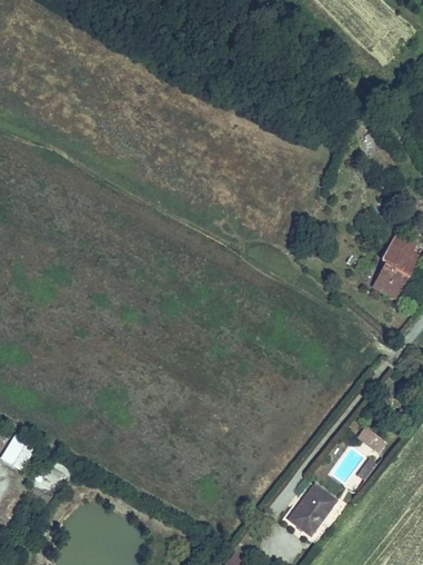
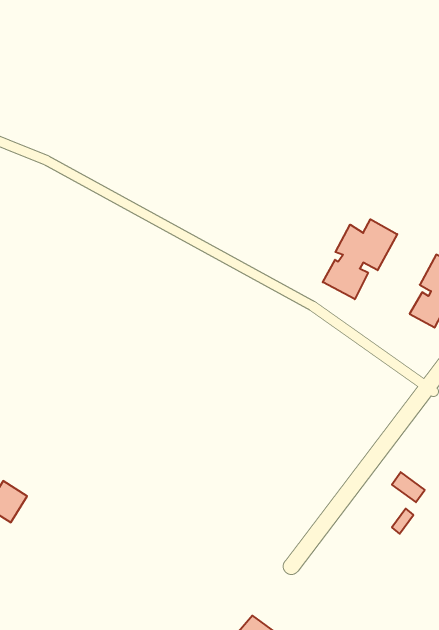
building: none -> [323,219,397,299]
building: [290,484,335,534] -> none

